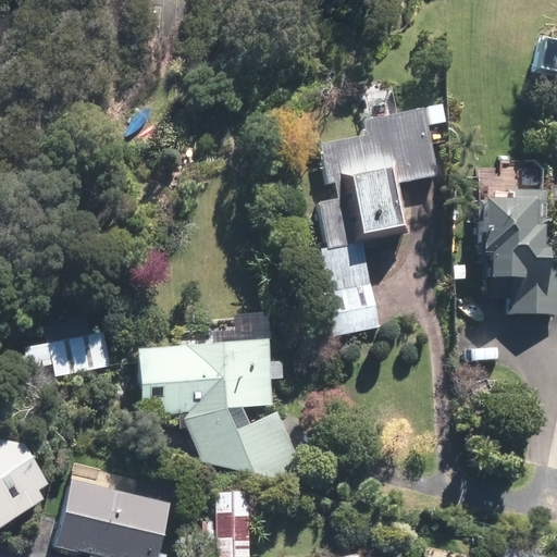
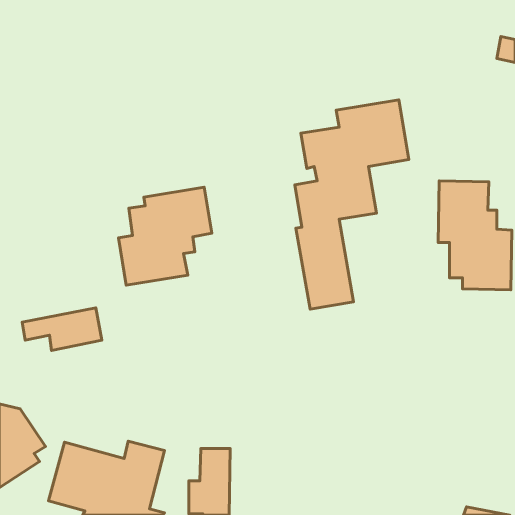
building: none -> [118,187,212,285]
building: [136,343,330,480] -> none

